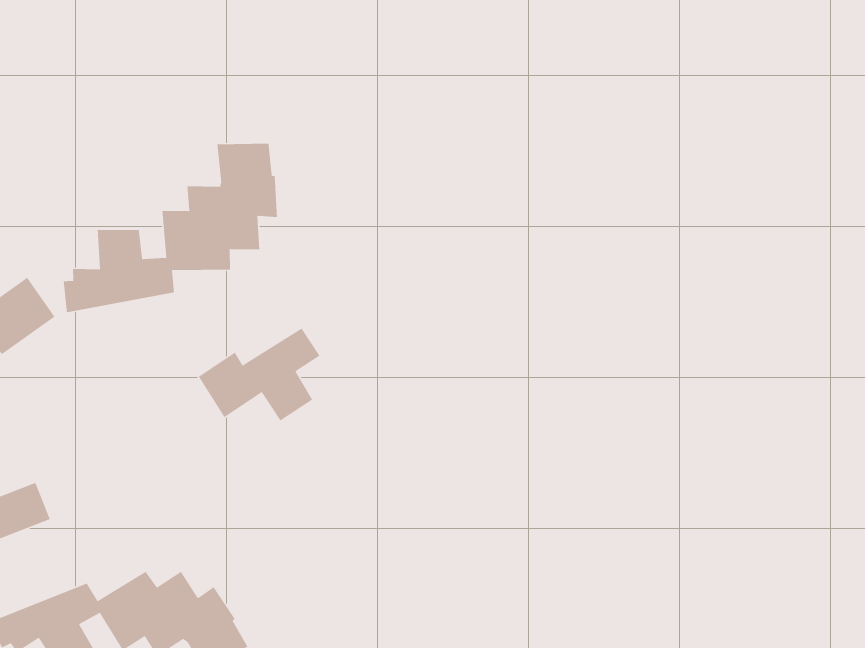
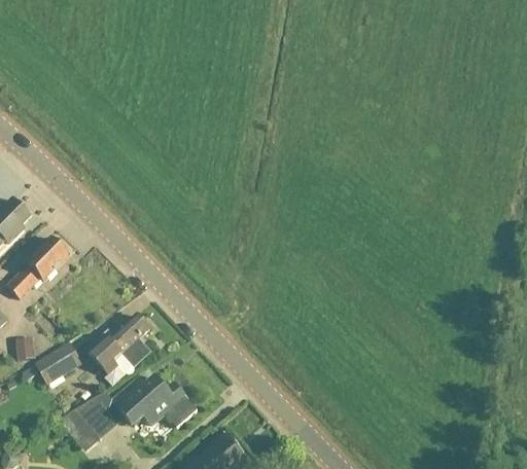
building: [63,143,278,313] -> none
building: [198,327,321,422] -> [86,315,149,369]

